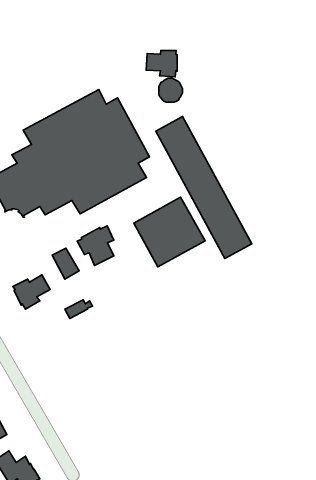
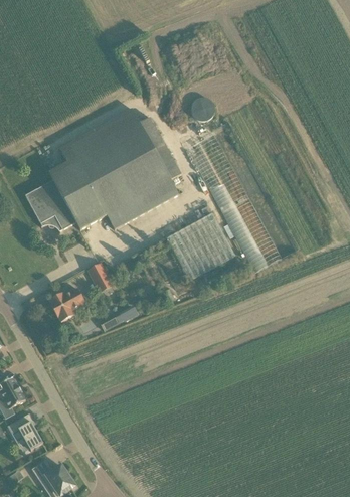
building: [146,51,177,77] -> none
building: [77,226,114,265] -> none

